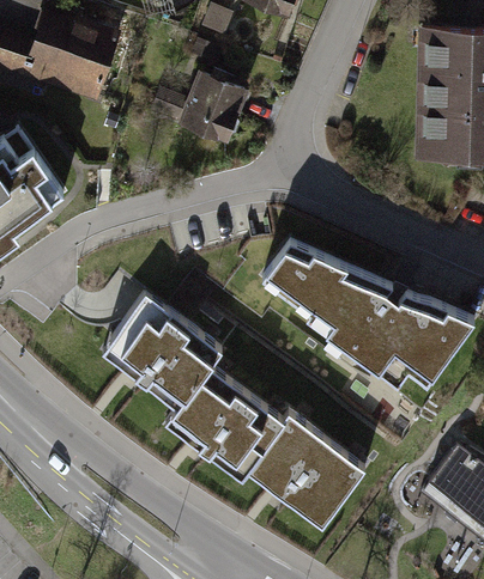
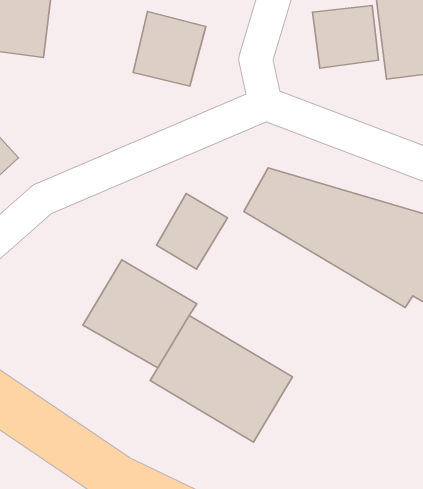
building: none -> [313,6,378,68]
building: none -> [157,193,227,269]
building: [252,420,368,526] -> none

